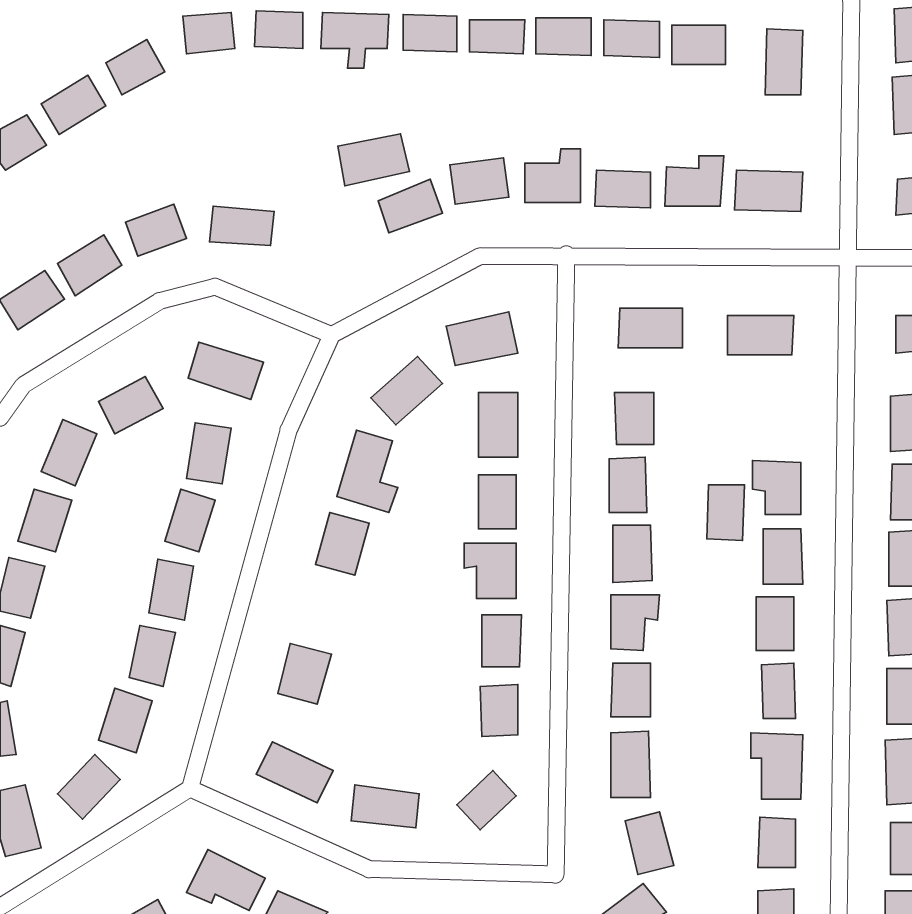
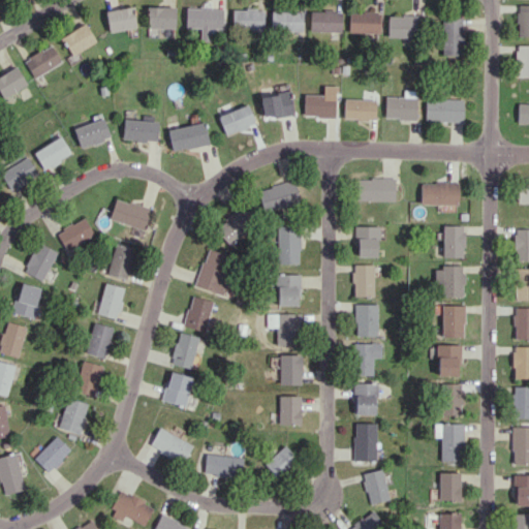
building: [338,134,409,186] -> [169,123,211,153]
building: [707,485,744,541] -> [443,226,465,258]
building: none -> [172,332,200,369]

